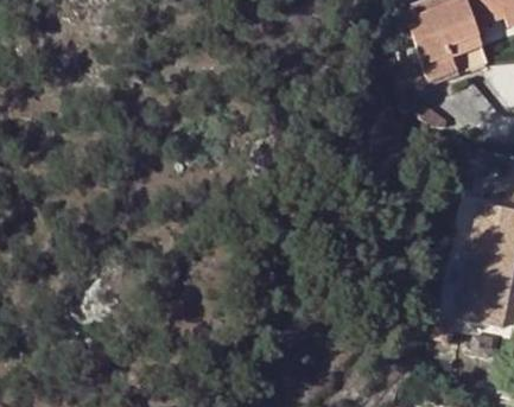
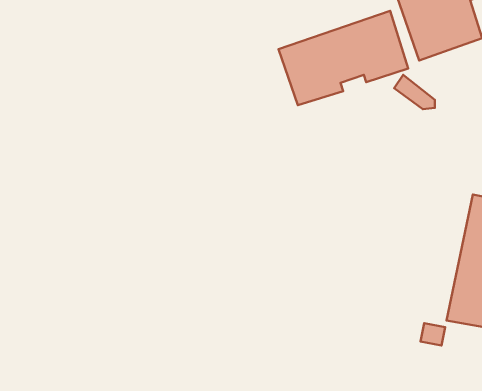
building: none -> [279,11,408,105]

